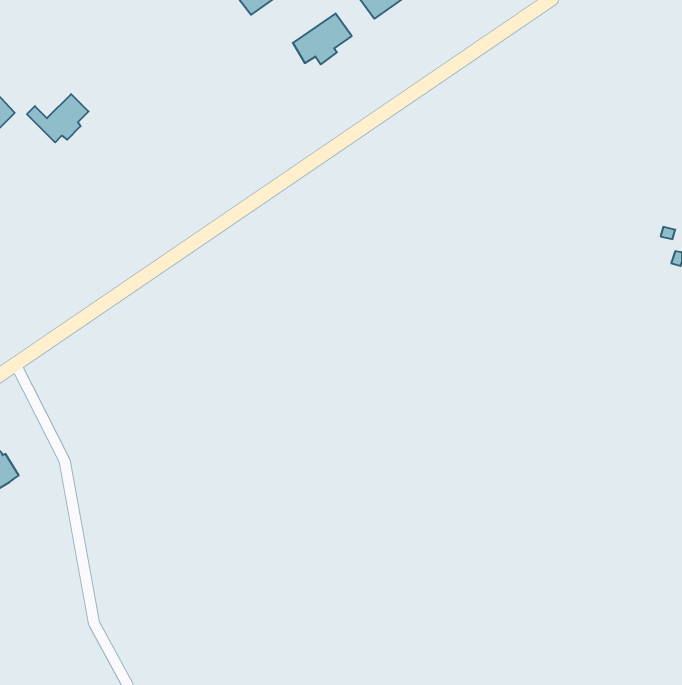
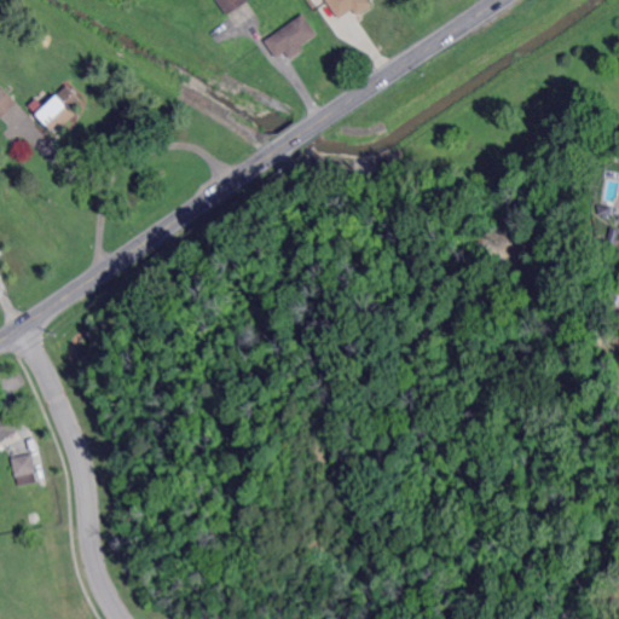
building: none -> [7,453,33,485]

